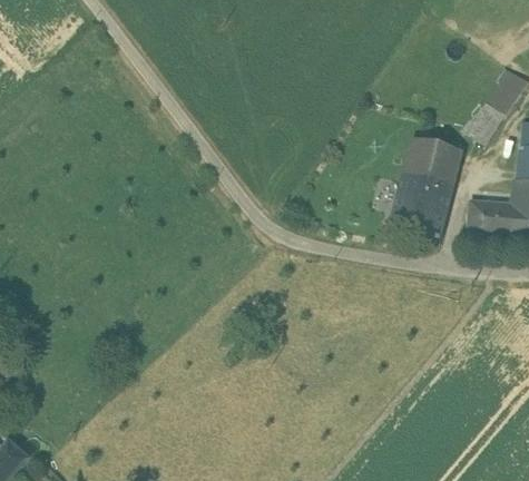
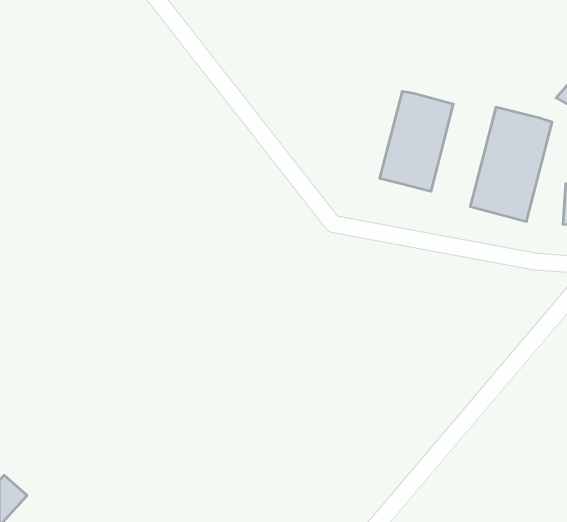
building: none -> [380,91,453,191]

